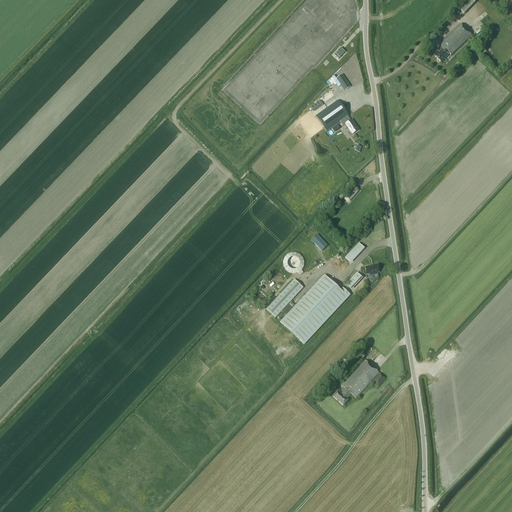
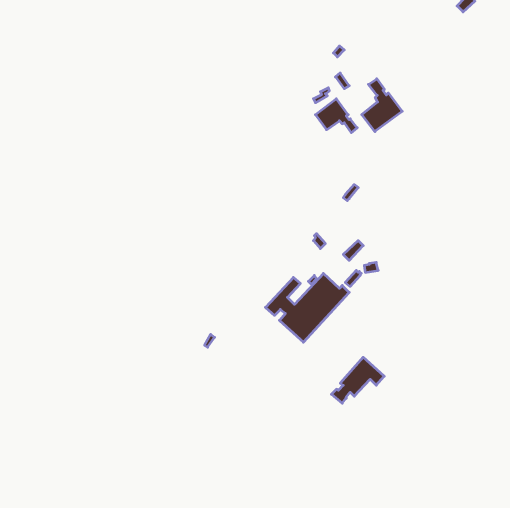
building: [434,22,472,61] -> none
building: none -> [362,79,402,132]

